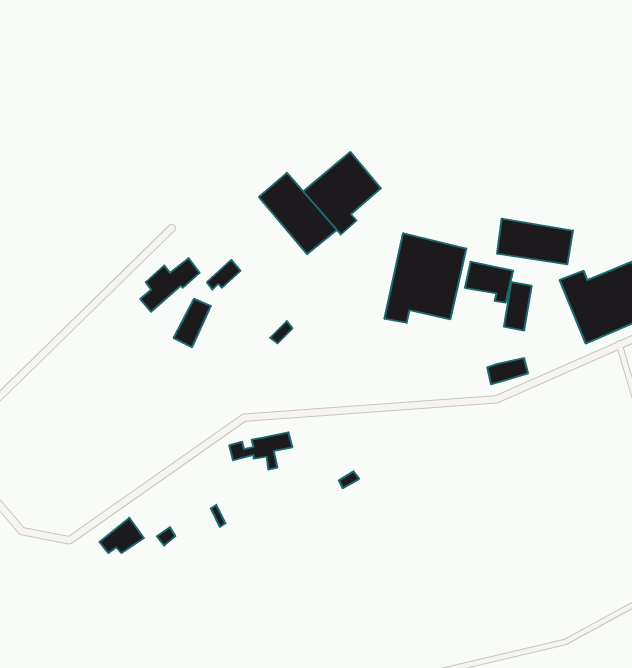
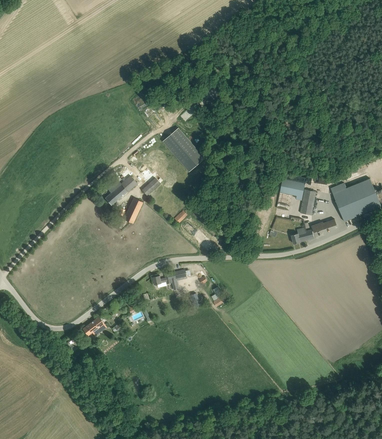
building: [303,152,381,235] -> none
building: [497,218,573,264] -> none
building: [385,233,466,323] -> none

